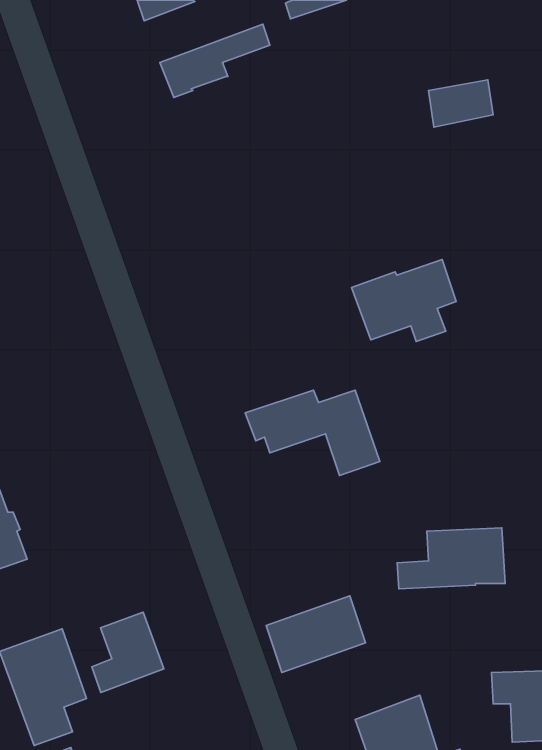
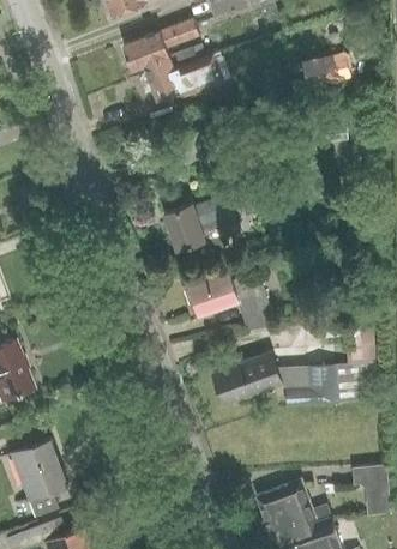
building: none -> [144,54,212,98]
building: [352,260,456,341] -> [162,193,234,249]
building: [266,596,366,673] -> [212,351,281,404]
building: [92,612,164,692] -> none

